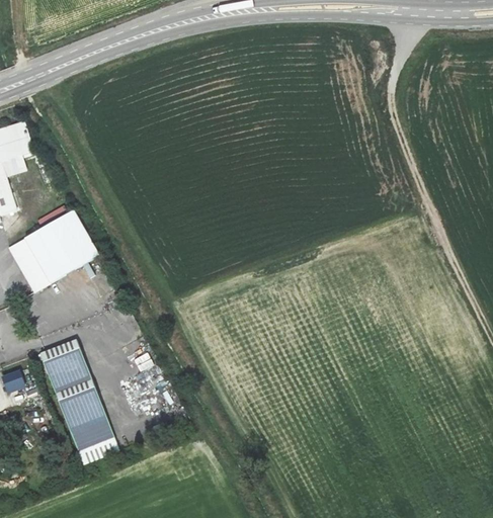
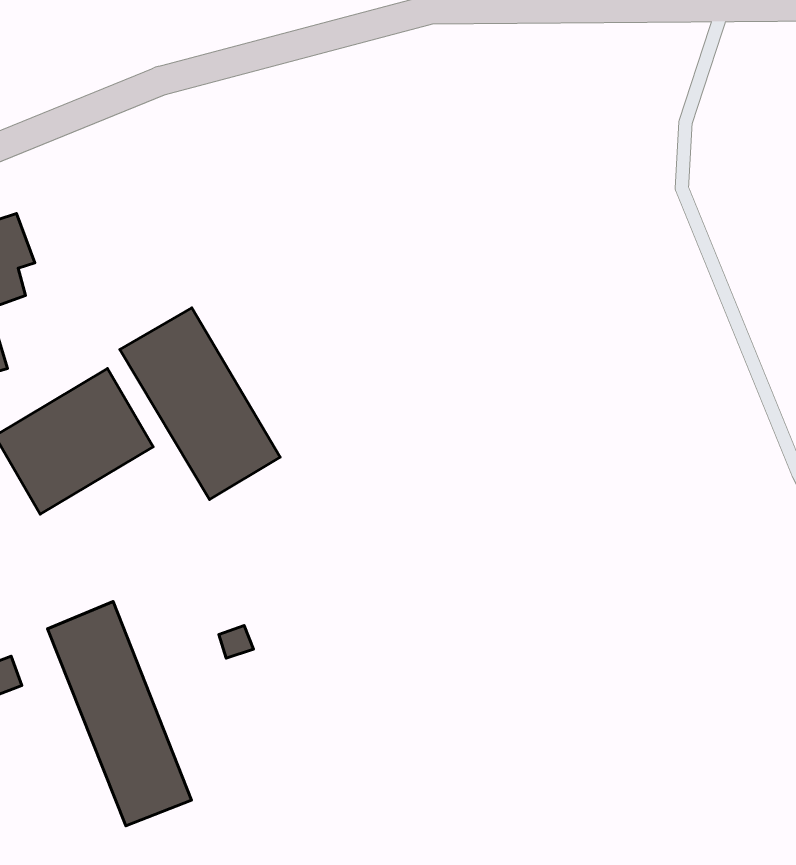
building: none -> [120,308,280,500]

